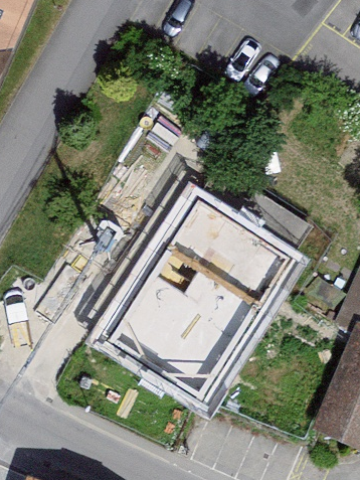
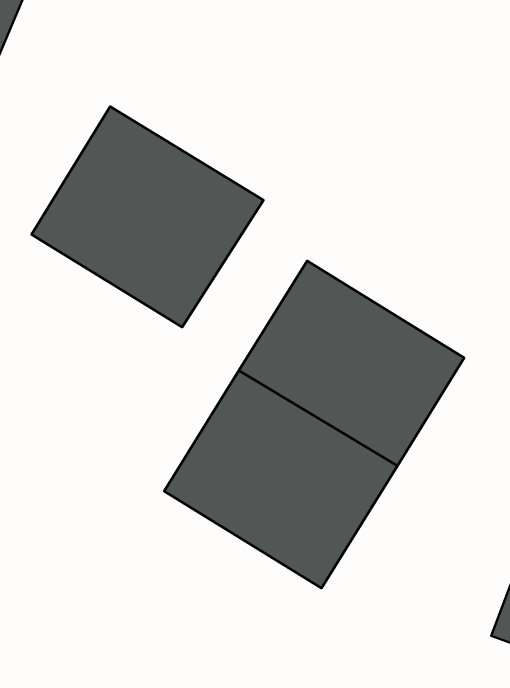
building: none -> [32,107,263,327]

